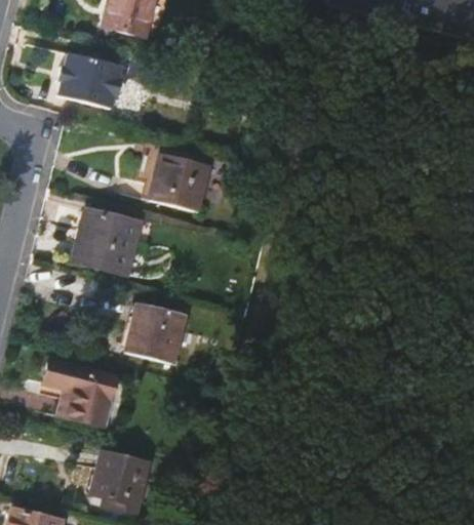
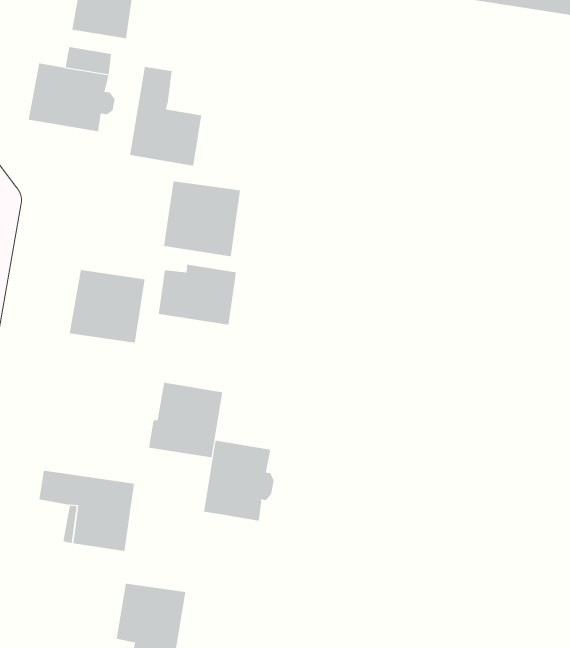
building: none -> [130,66,202,166]
building: none -> [158,264,237,326]
building: none -> [204,440,274,522]

